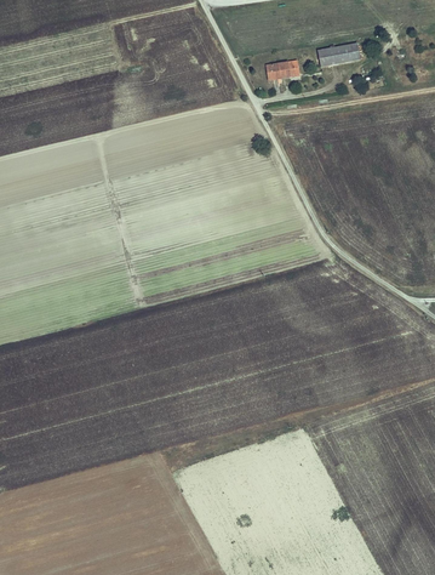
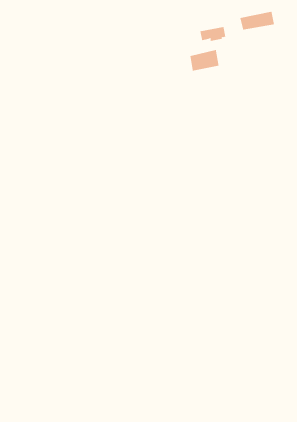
building: none -> [190,49,219,71]

